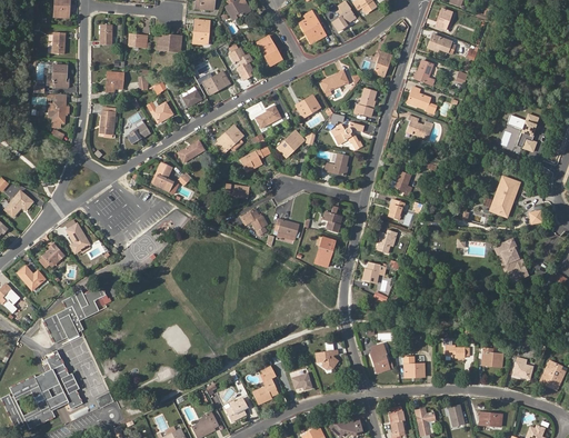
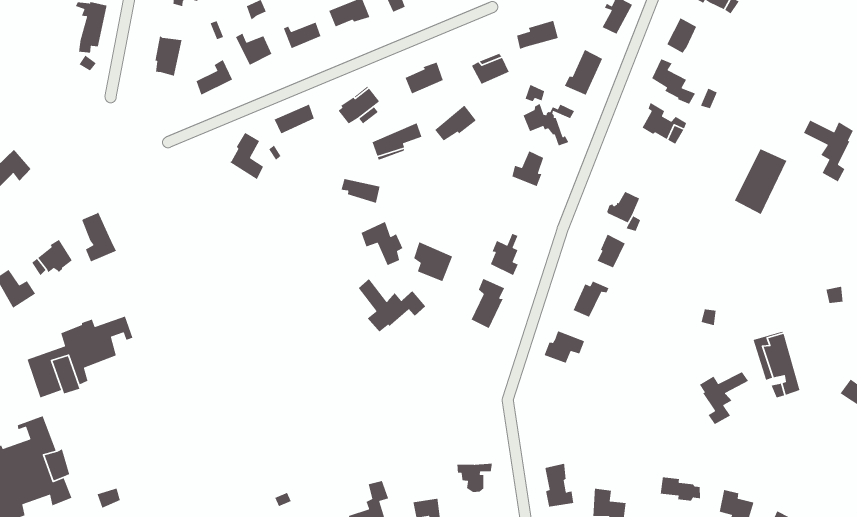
building: [487,177,517,218] -> [734,148,787,215]
building: none -> [358,278,426,333]
building: none -> [699,371,749,425]

